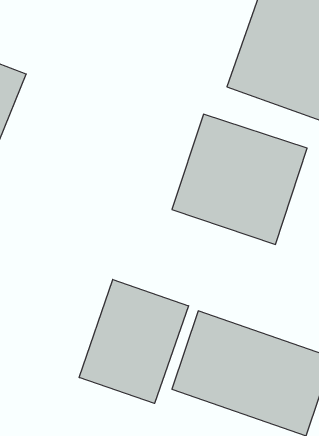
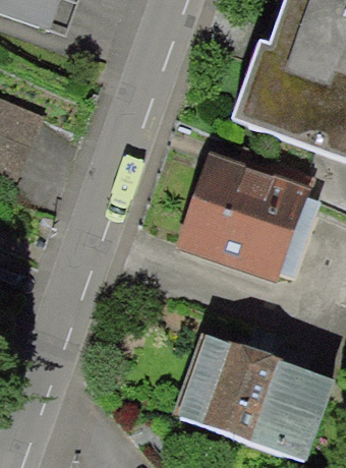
building: [79,279,189,403] -> none

